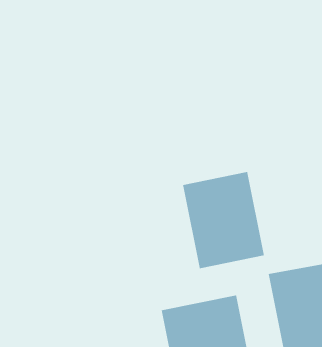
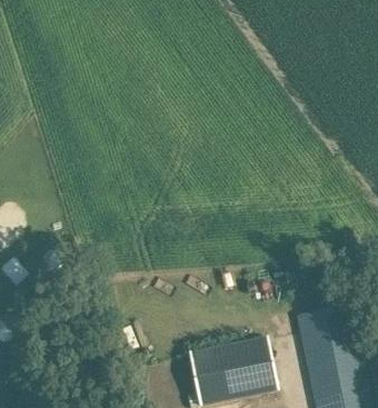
building: [182,171,265,269] -> none

